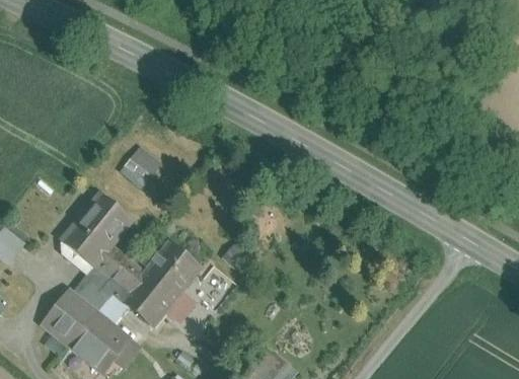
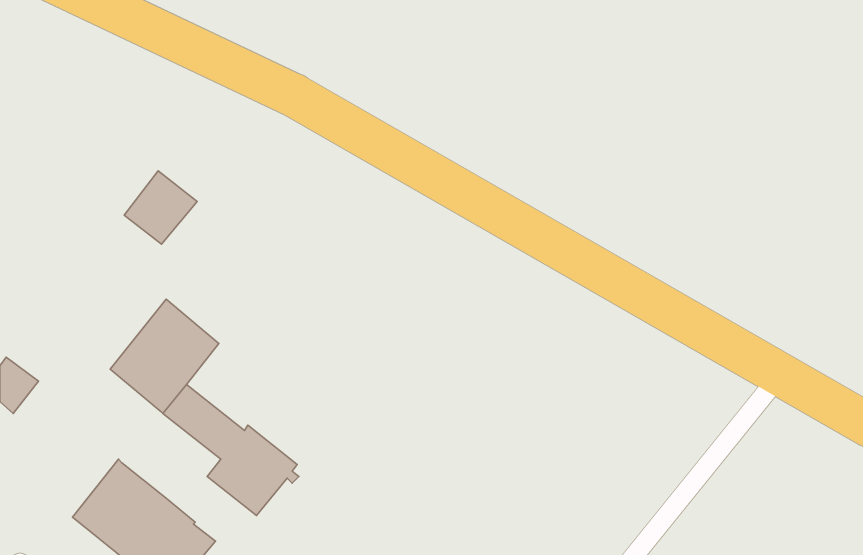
building: [120,146,163,190] -> [124,171,197,244]
building: [149,246,200,296] -> none
building: [74,264,133,315] -> none

